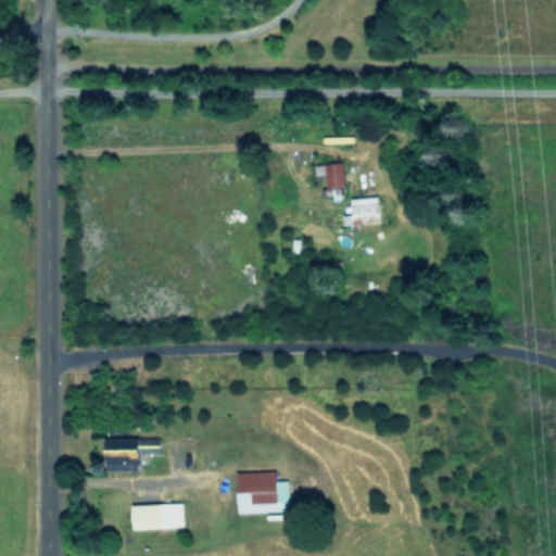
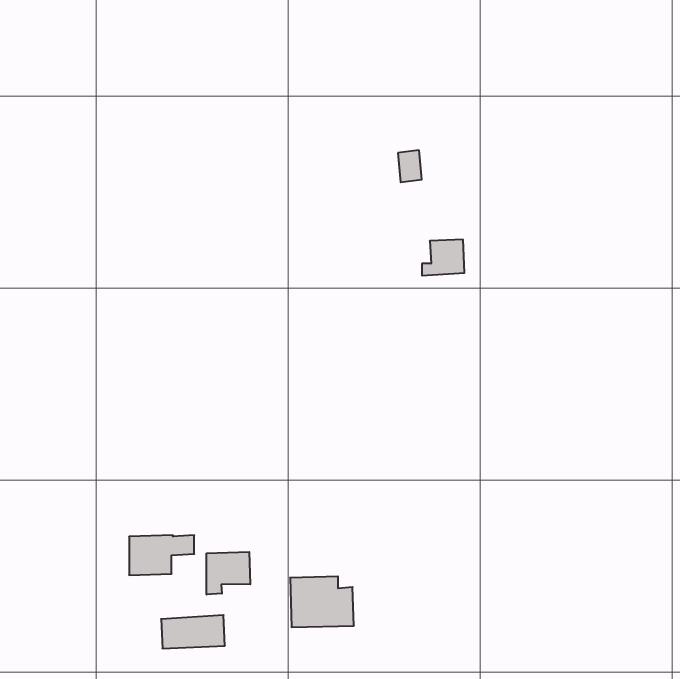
building: [325,162,344,188] -> [398,150,422,182]
building: none -> [207,552,250,595]

